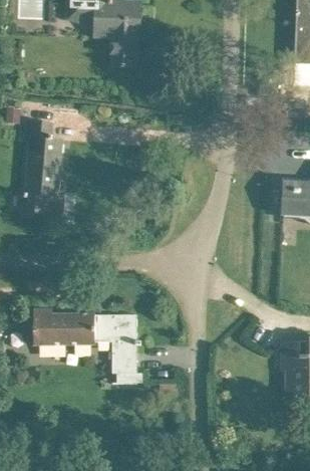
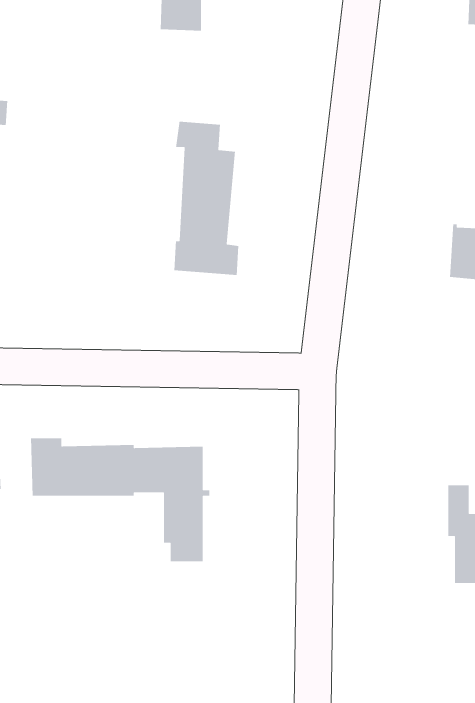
building: [23,121,62,213] -> [174,121,239,276]

